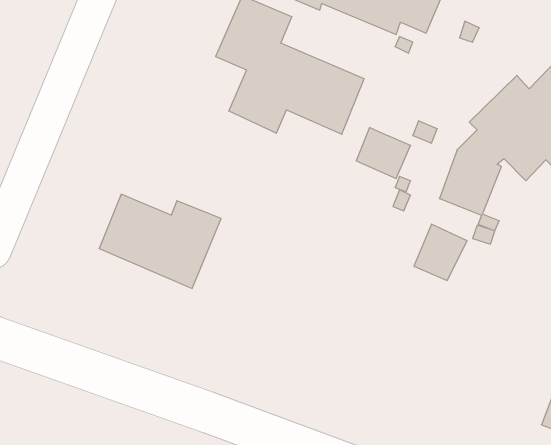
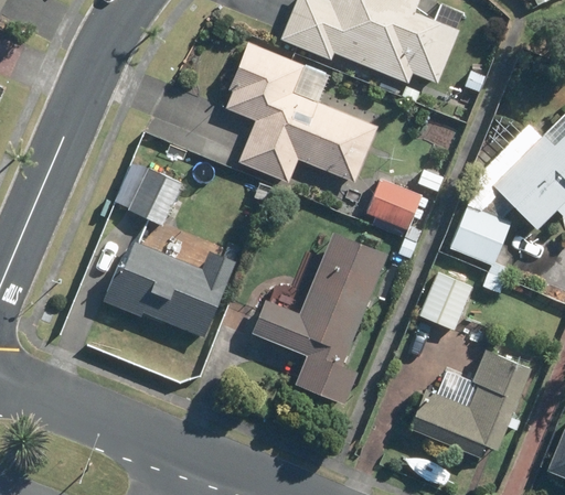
building: none -> [131,166,185,227]
building: none -> [252,230,386,401]
building: none -> [408,349,527,455]

